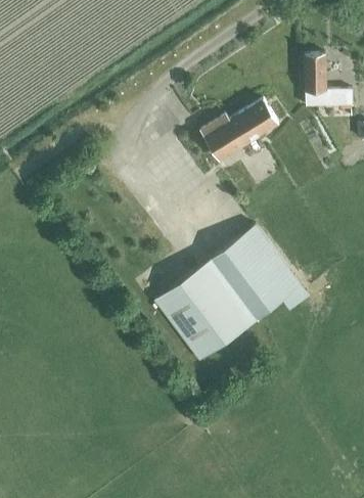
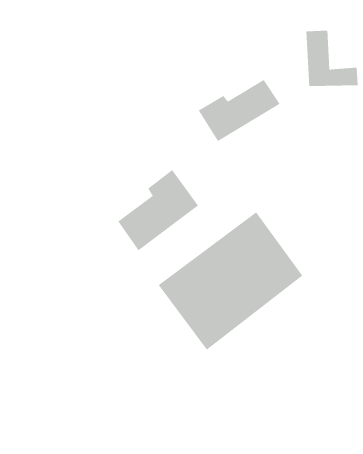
building: none -> [117,169,199,251]

